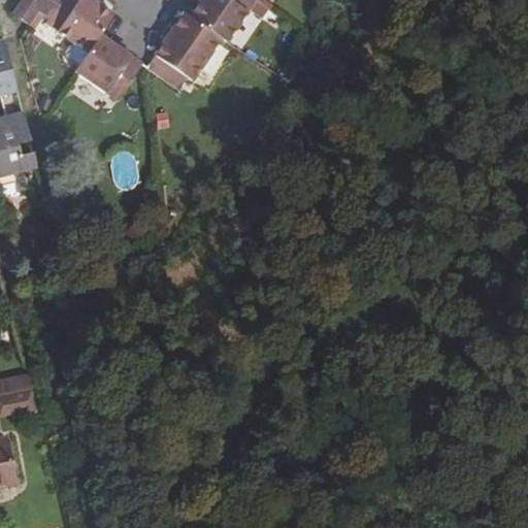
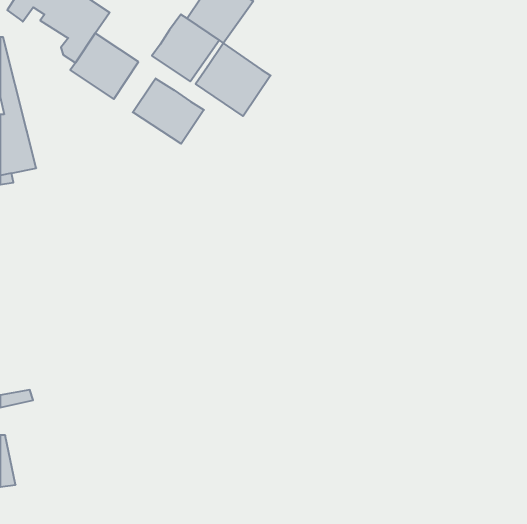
building: none -> [196,43,271,116]
building: none -> [133,78,204,144]

